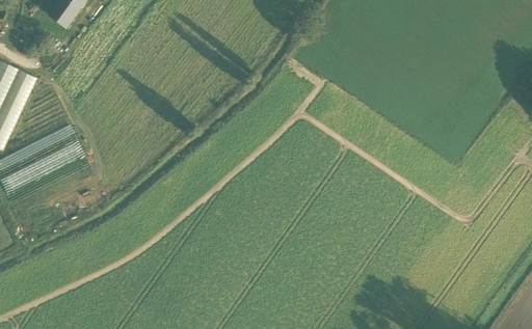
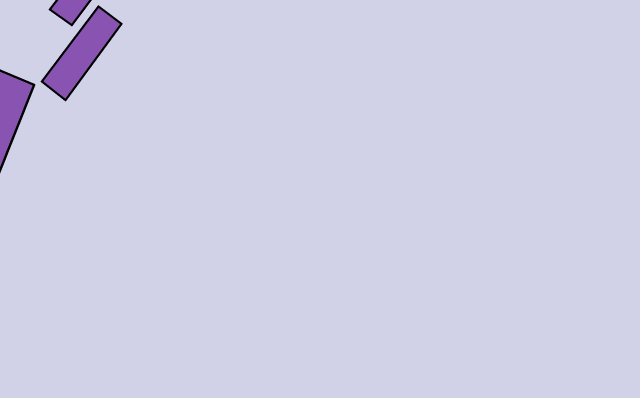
building: none -> [42,7,122,100]

